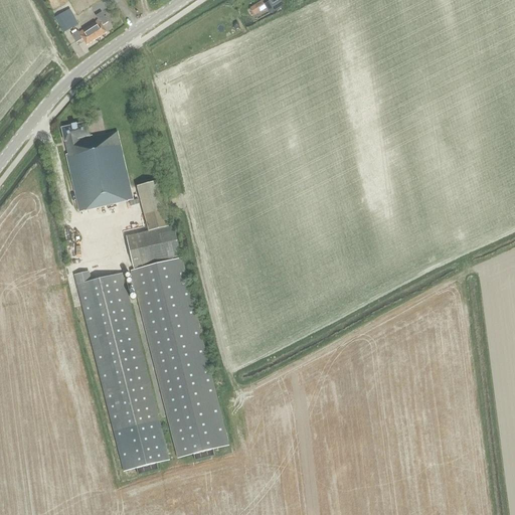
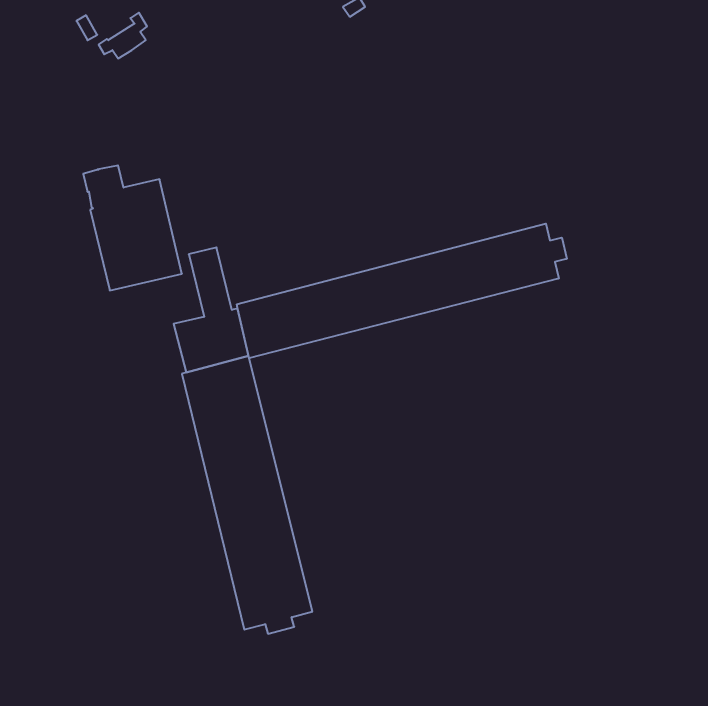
building: none -> [237,224,567,358]
building: [73,270,167,473] -> none

